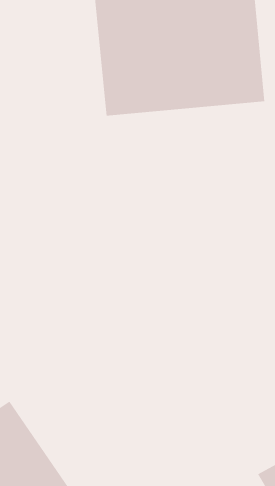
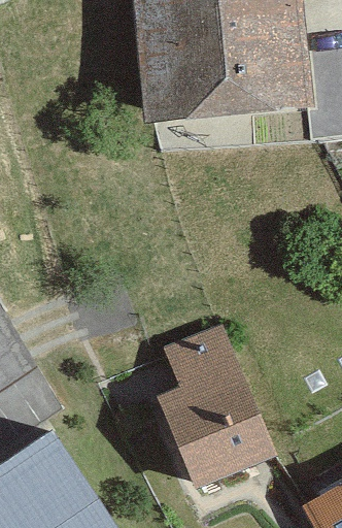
building: none -> [159,326,278,493]

